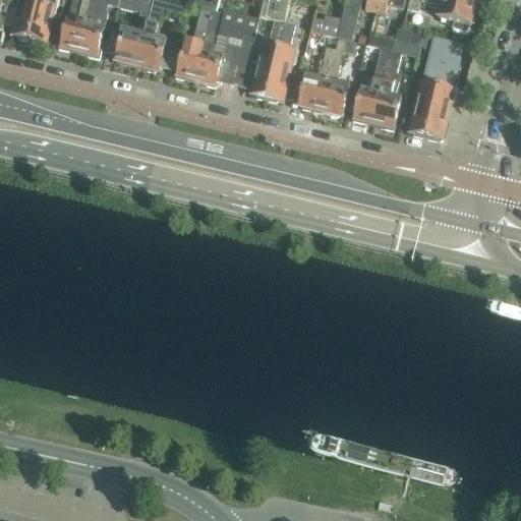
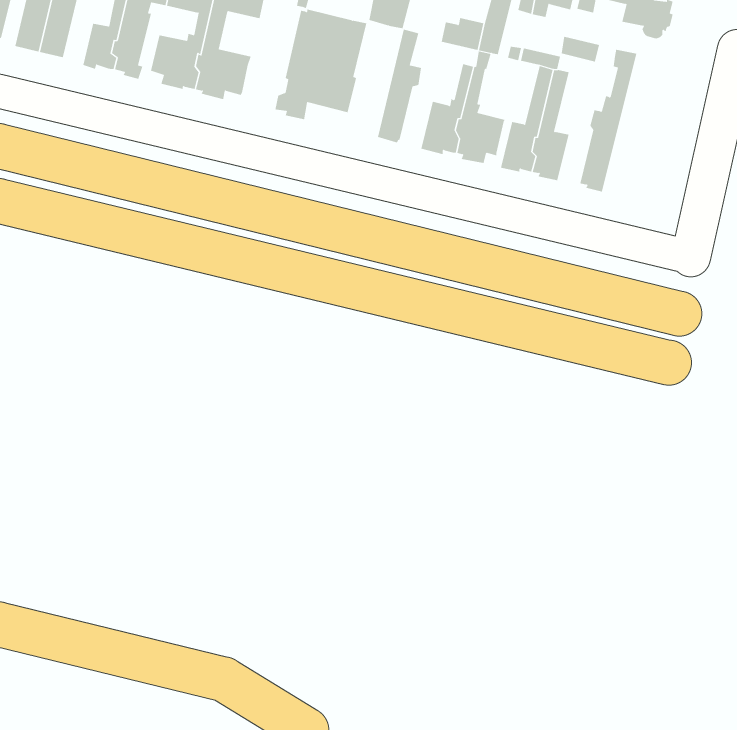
building: [171,5,212,78] -> none
building: [249,18,284,97] -> none
building: [424,38,463,138] -> none

